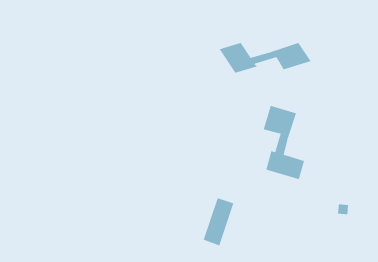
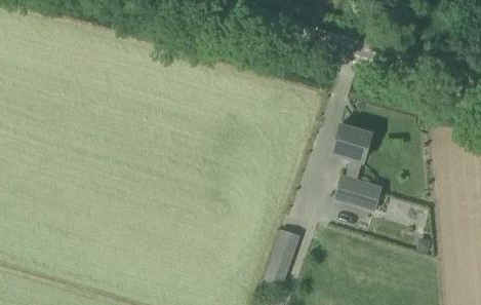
building: [219,42,312,73] -> none

